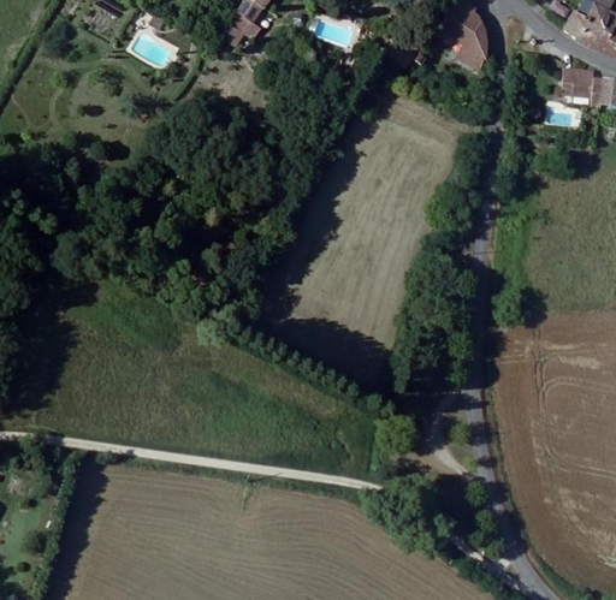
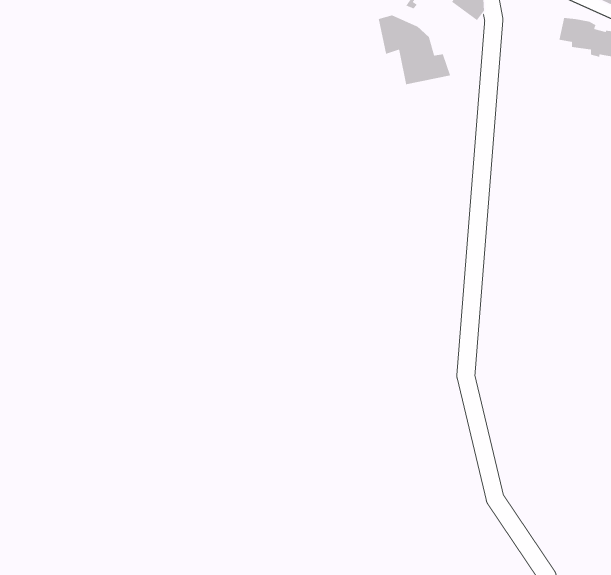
building: none -> [378,15,451,85]

